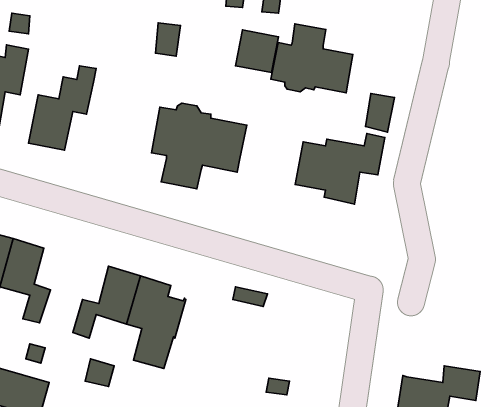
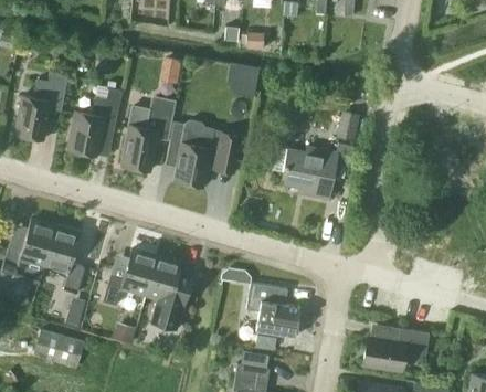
building: [271,24,353,93] -> none
building: none -> [122,96,176,171]
building: none -> [245,283,299,337]

